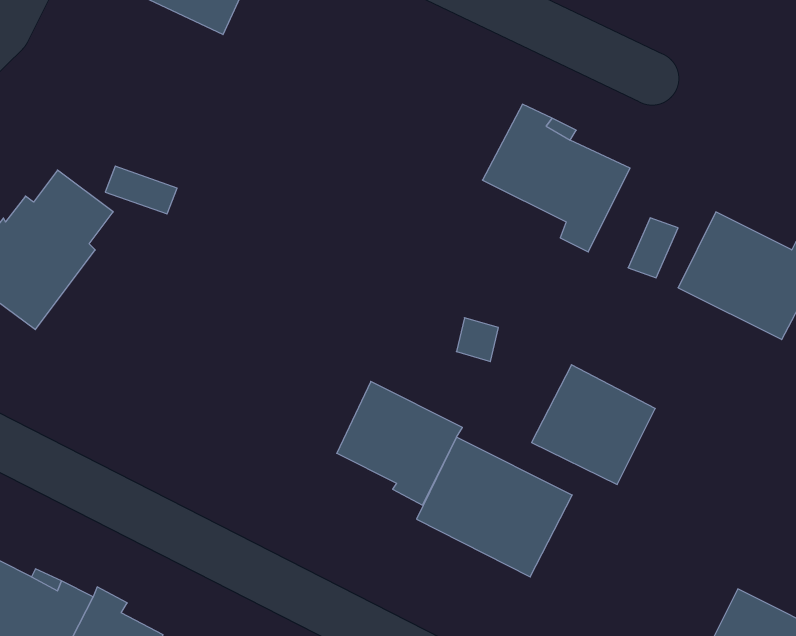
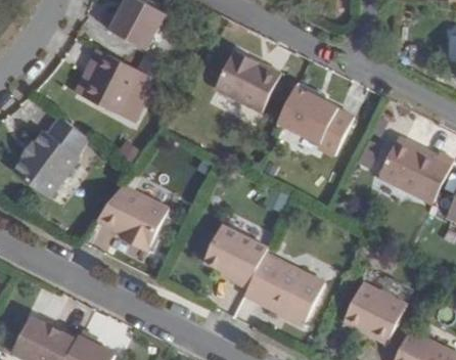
building: none -> [215,50,281,112]
building: none -> [80,51,141,115]
building: none -> [95,185,168,251]
building: [532,365,655,484] -> [343,283,406,345]

